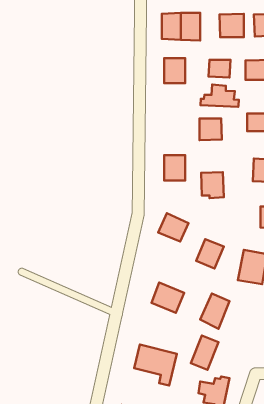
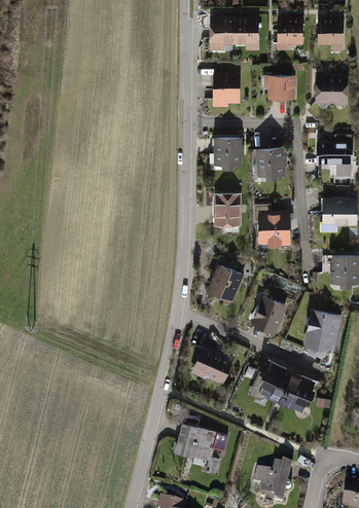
building: [201,85,239,107] -> none
building: none -> [213,138,239,165]
building: [191,335,219,370] -> [280,372,314,414]

